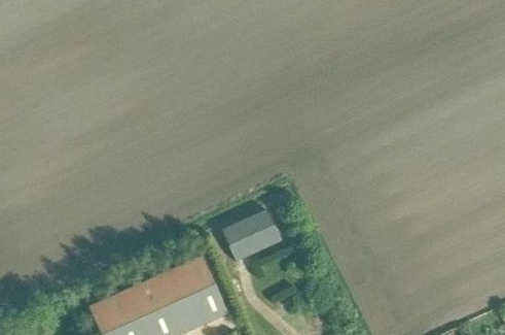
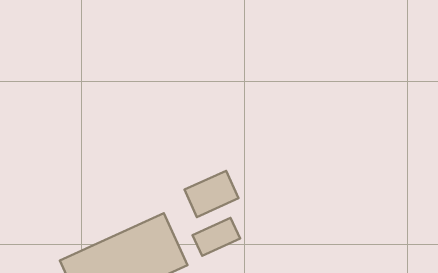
building: none -> [193,218,240,256]

